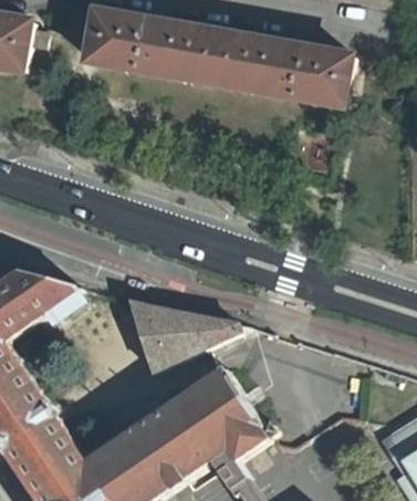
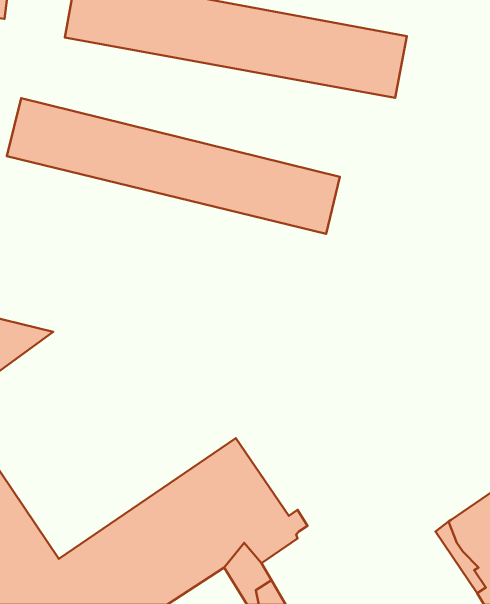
building: none -> [7,98,340,234]
building: [127,298,234,372] -> none

